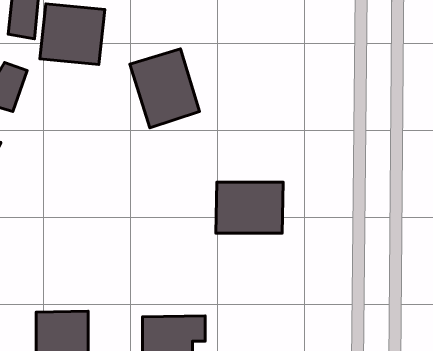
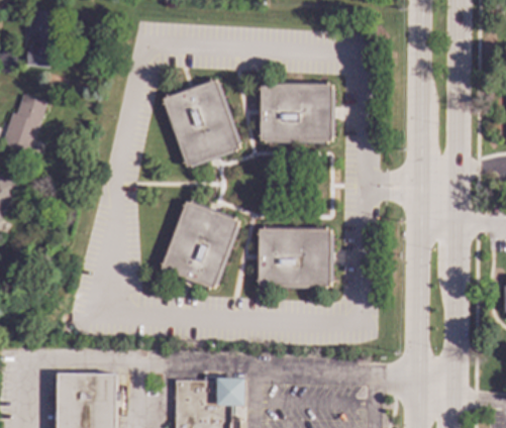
building: [40,4,105,64] -> none
building: none -> [260,84,334,141]
building: none -> [161,201,239,289]

